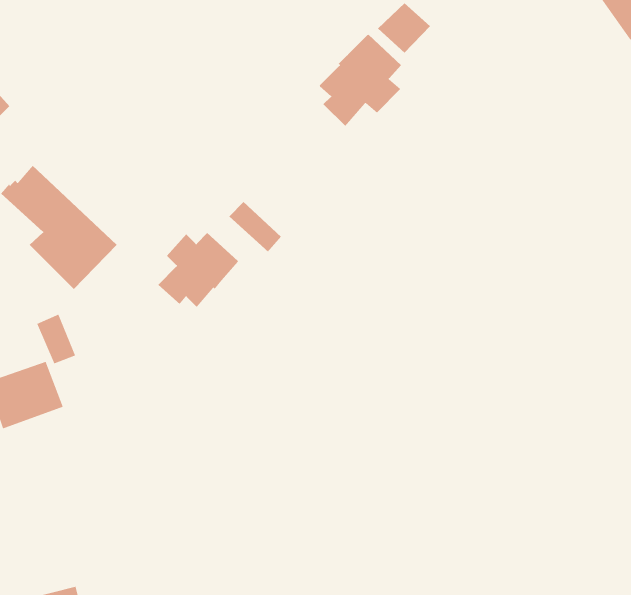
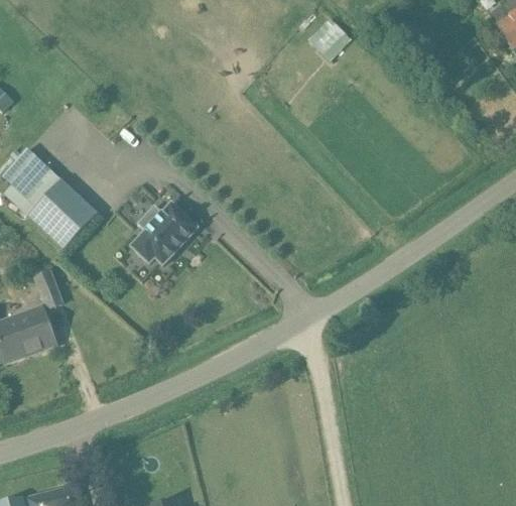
building: [318,33,402,127] -> none
building: [229,201,282,253] -> none

